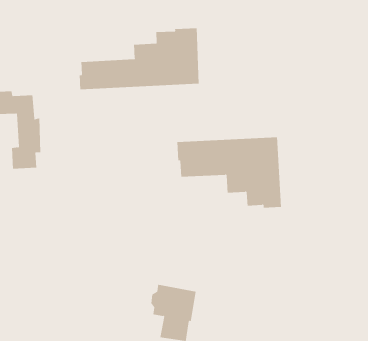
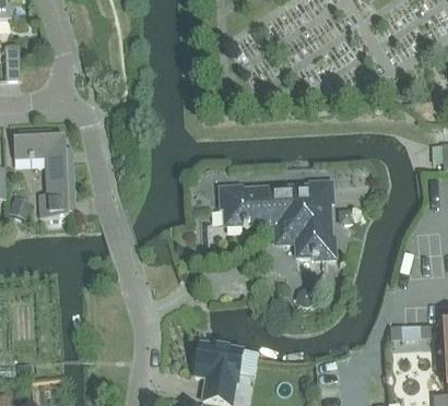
building: [79,27,199,90] -> none

